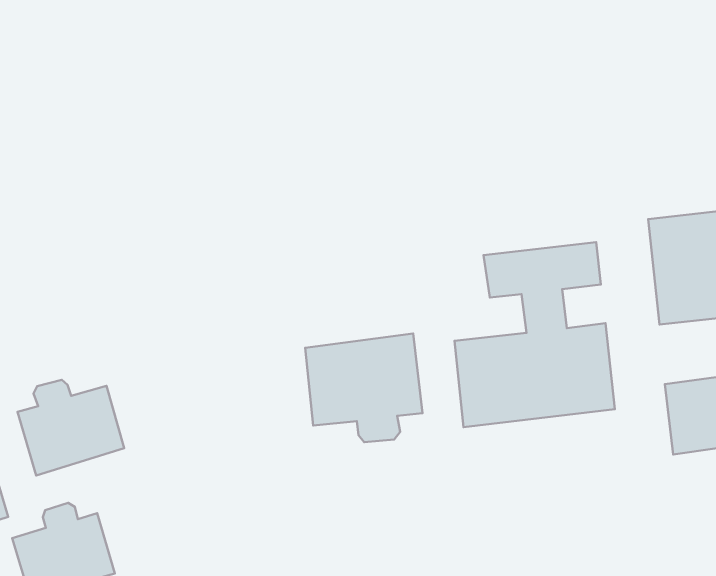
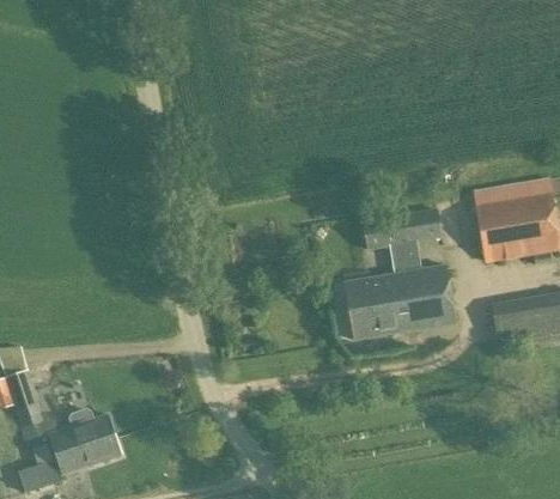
building: [305,333,422,442] -> none
building: [17,380,124,476] -> none

